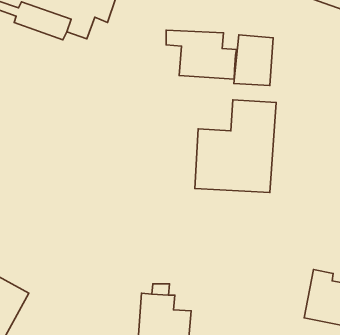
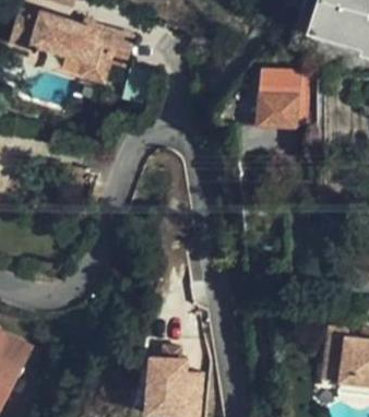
building: [166,30,236,79] -> none
building: [195,100,276,193] -> none

